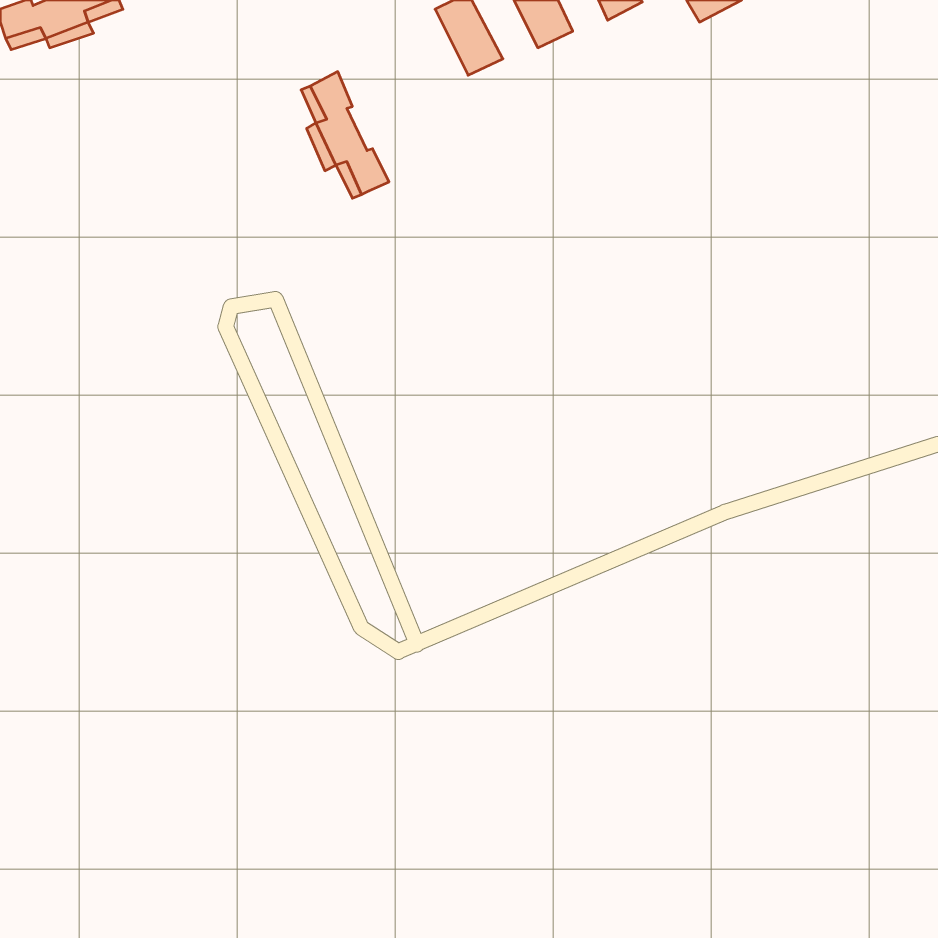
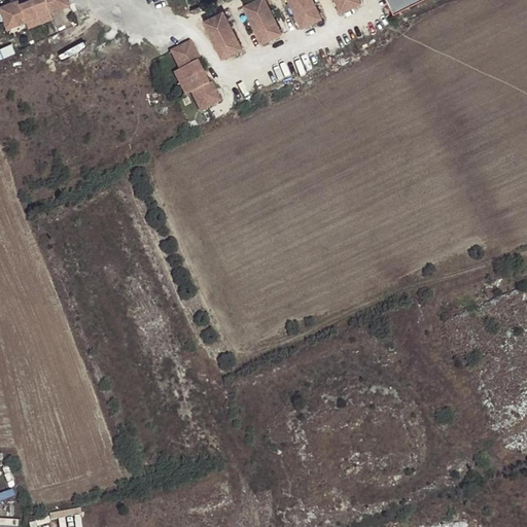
building: none -> [204,11,242,59]

